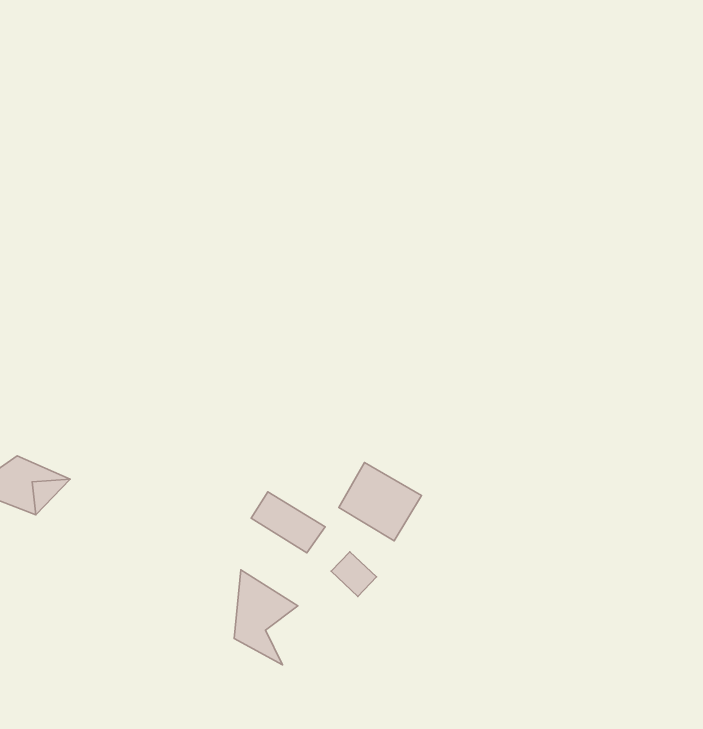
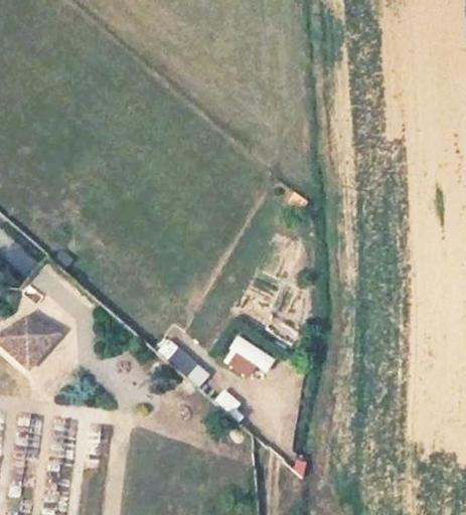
building: [234,570,298,665] -> none

